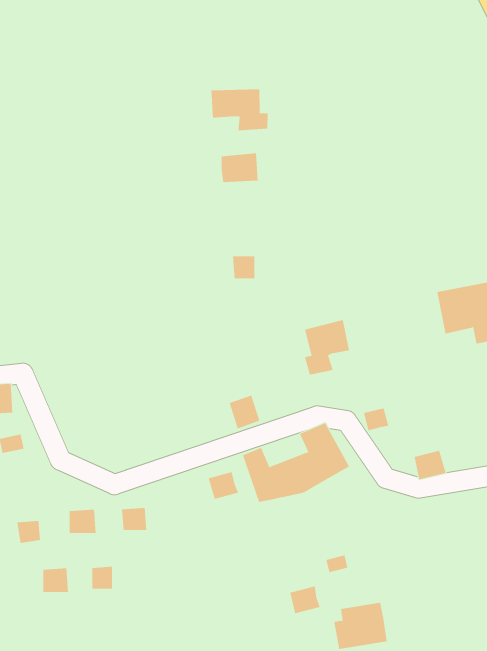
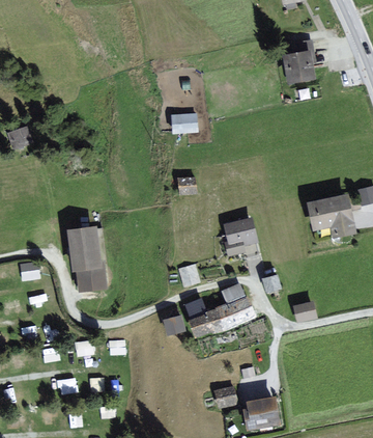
building: none -> [284,40,313,80]
building: [211,88,268,131] -> none
building: none -> [68,226,104,289]

